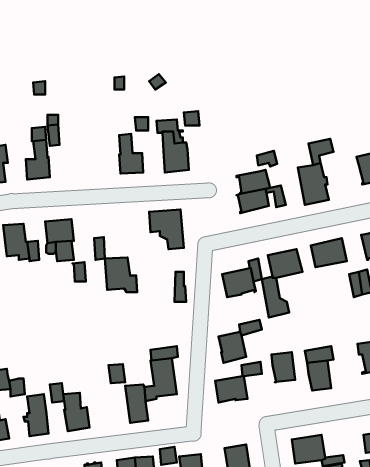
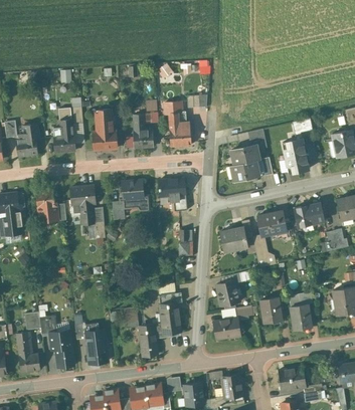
building: none -> [93,110,116,151]
building: [105,257,137,292] -> [122,181,149,210]

